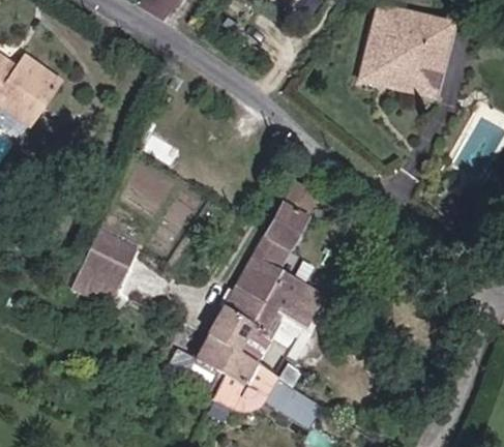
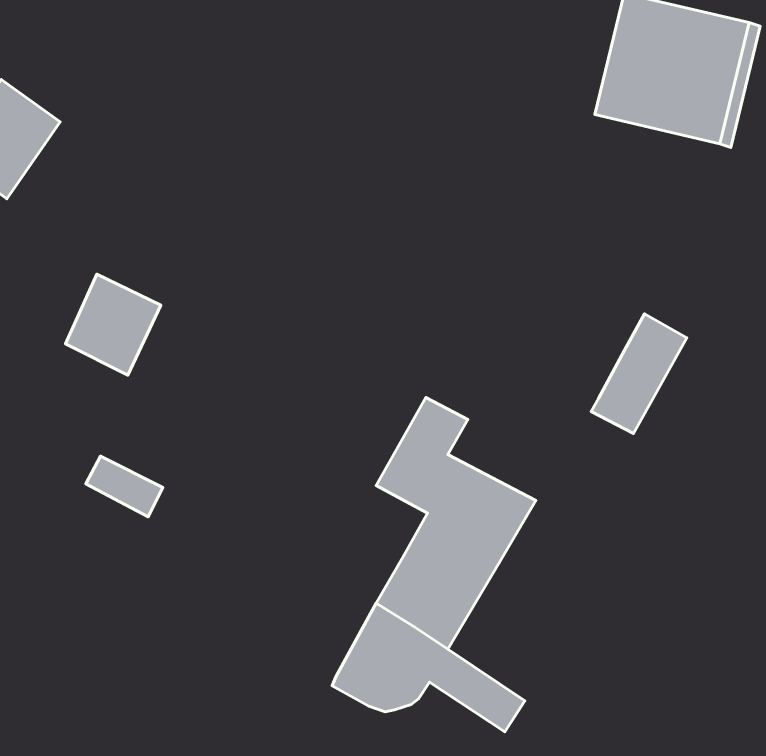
building: [265,181,319,248] -> [591,314,687,433]
building: [82,230,136,287] -> [65,274,161,375]
building: [167,282,266,393] -> none

